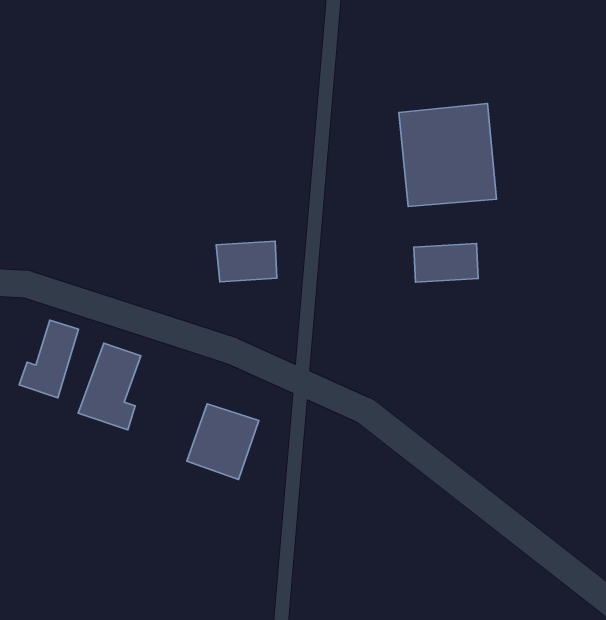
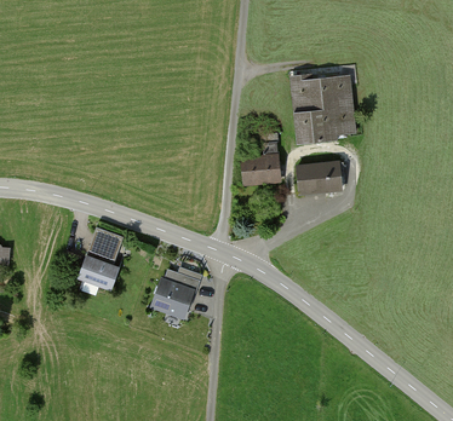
building: [216,241,277,282] -> [242,156,282,183]
building: [19,320,79,398] -> none

